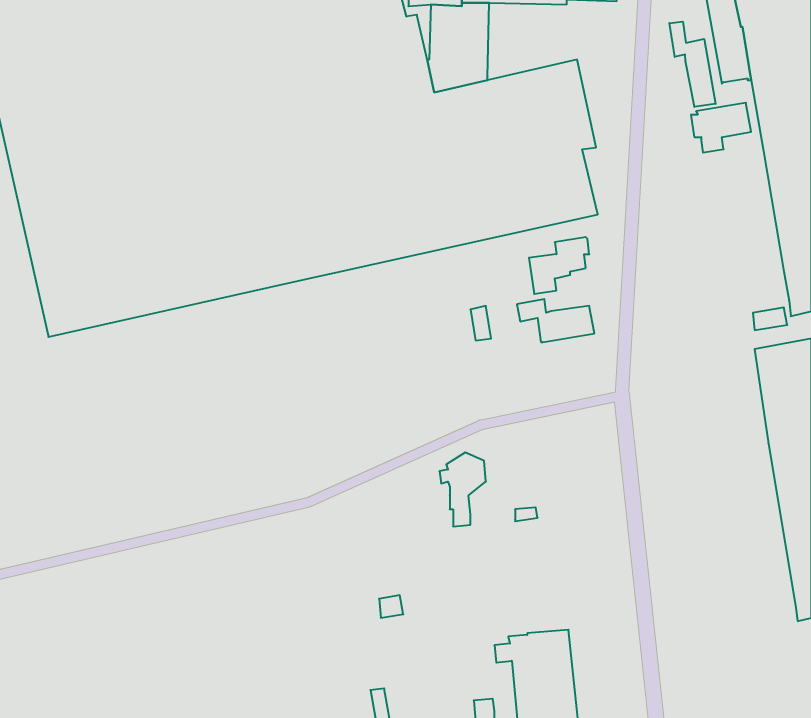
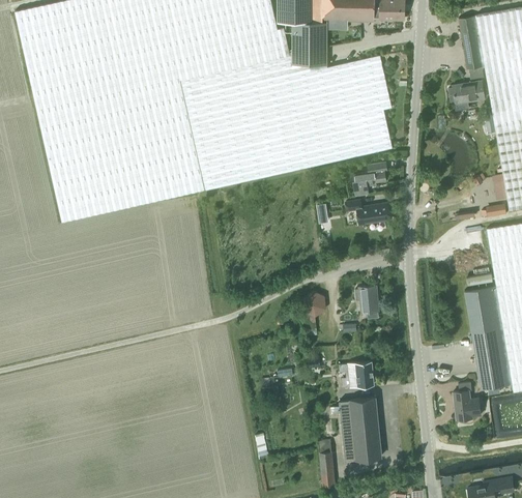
building: [669,22,716,107] -> none
building: none -> [354,285,378,318]
building: none -> [464,286,512,389]
building: none -> [339,361,374,387]
building: none -> [453,382,481,420]

